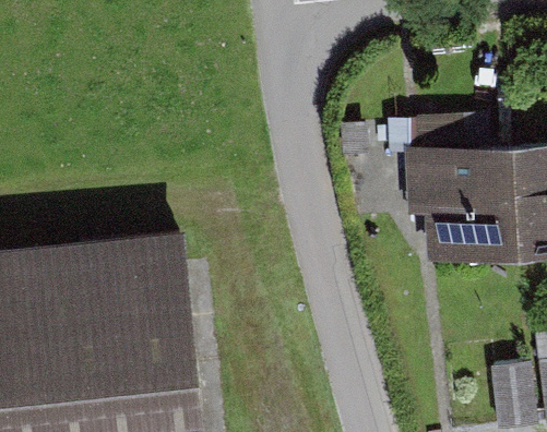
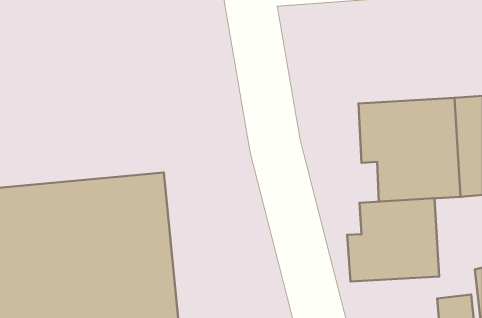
building: none -> [347,198,439,282]

